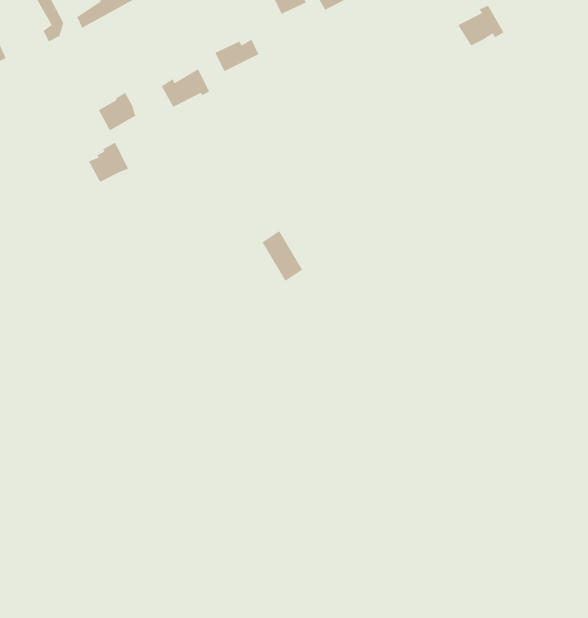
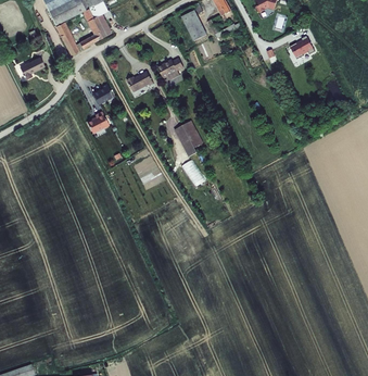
building: none -> [174,121,204,158]

